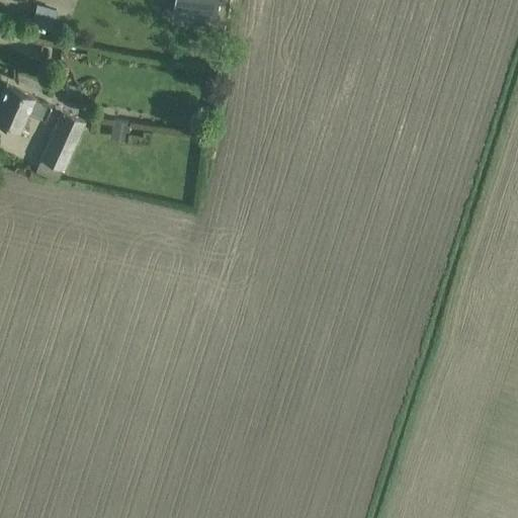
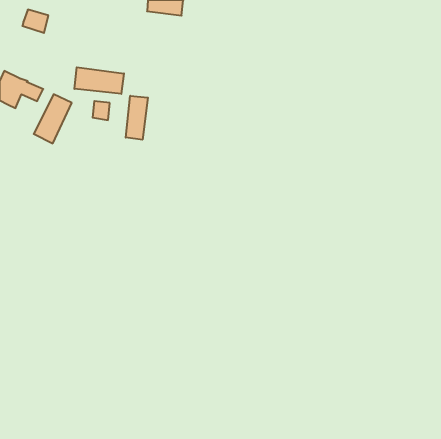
building: none -> [74,67,124,94]
building: none -> [126,96,148,140]

